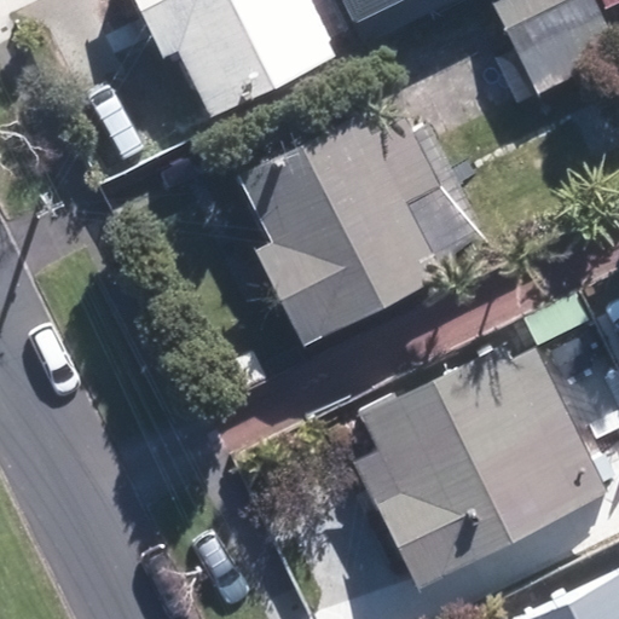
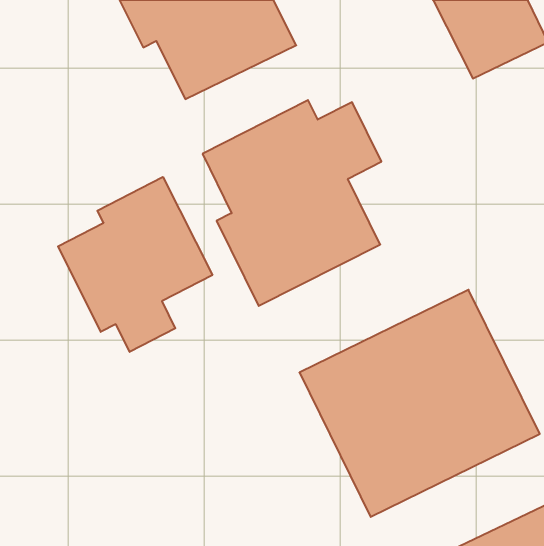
building: none -> [58,177,212,352]

